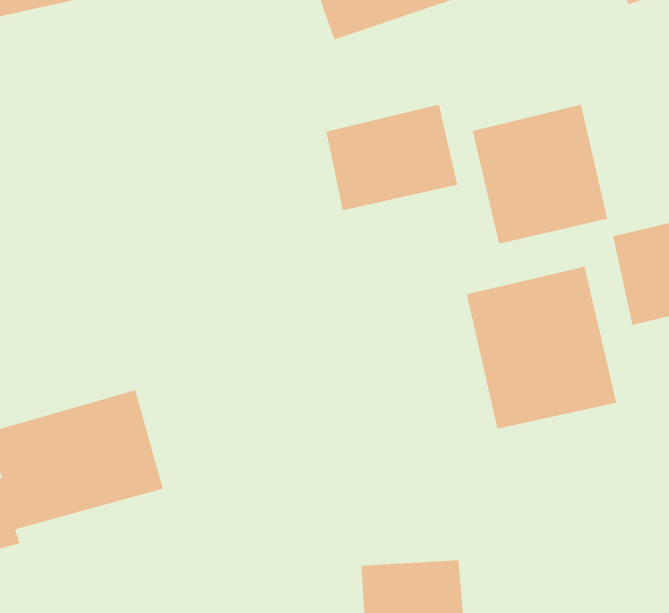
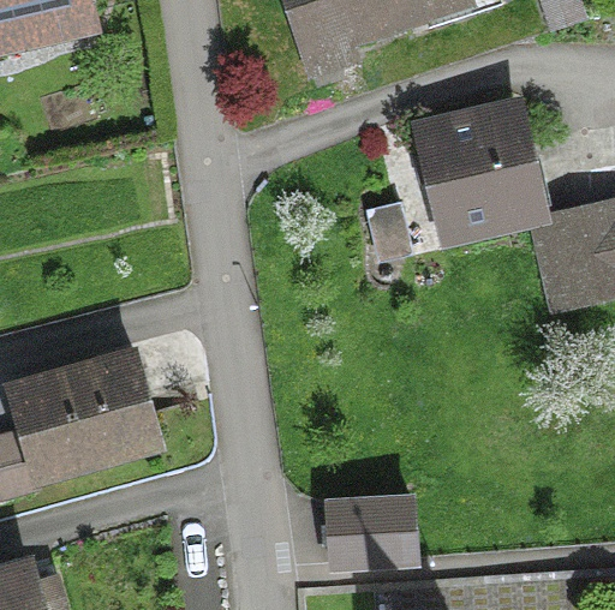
building: [325,104,458,211] -> none
building: [466,266,617,430] -> none

